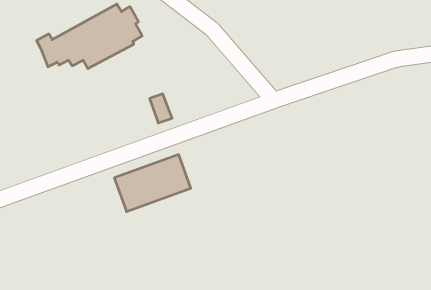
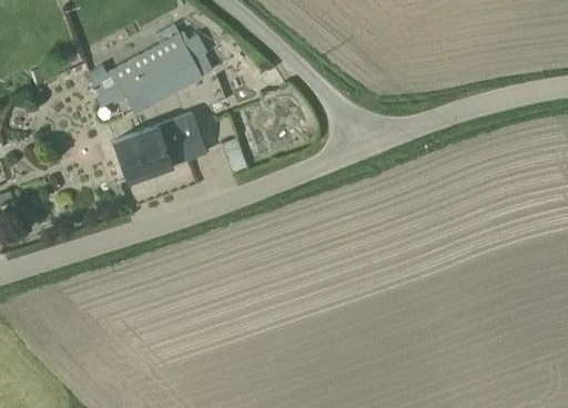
building: [114,155,191,212] -> [113,113,204,181]

